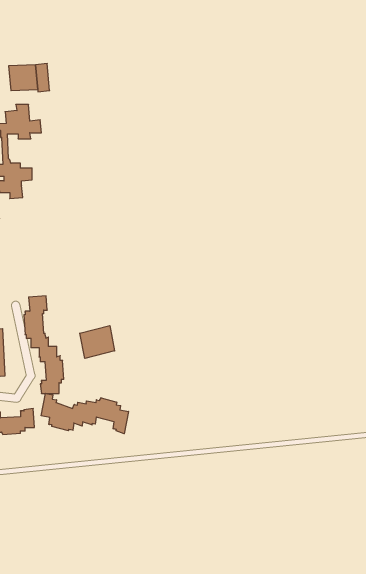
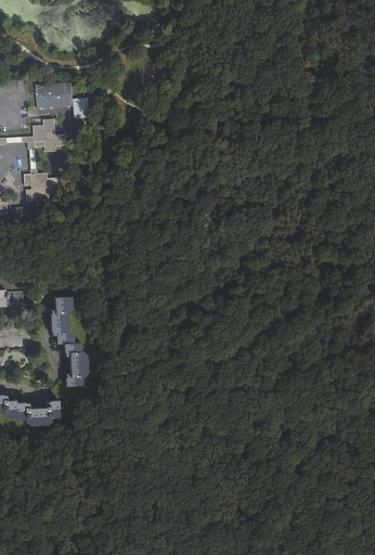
building: [80,326,115,358] -> none
building: [41,393,128,434] -> none

